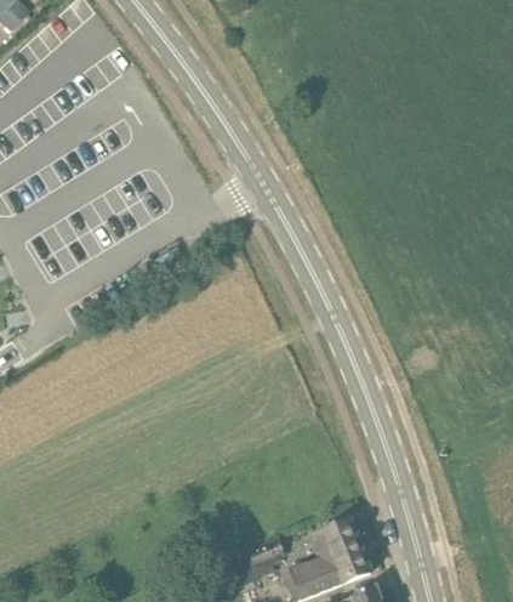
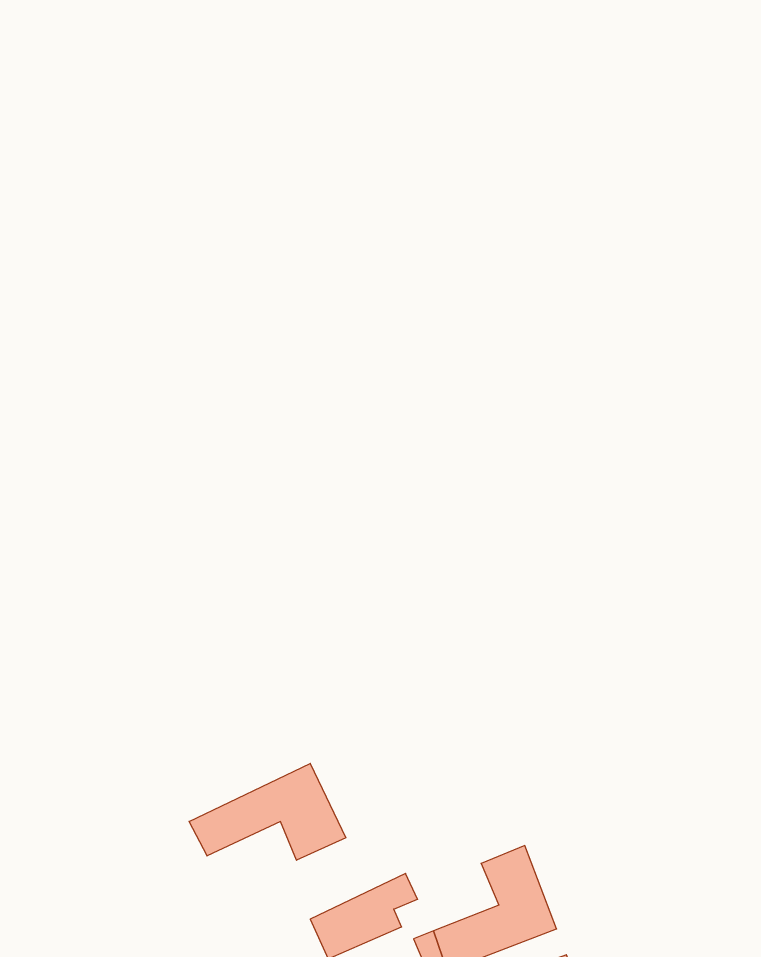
building: none -> [189,763,346,860]

